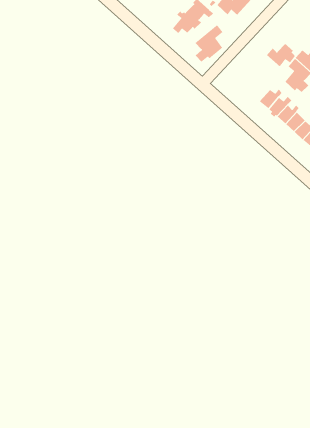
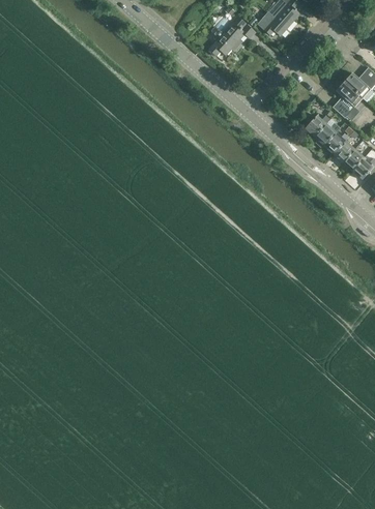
building: [195,24,224,62] -> none
building: [266,43,296,68] -> none

